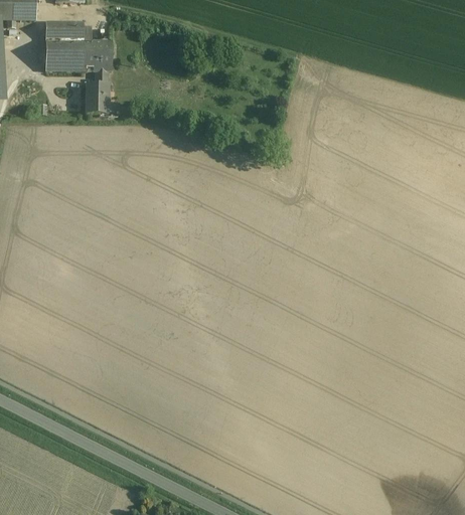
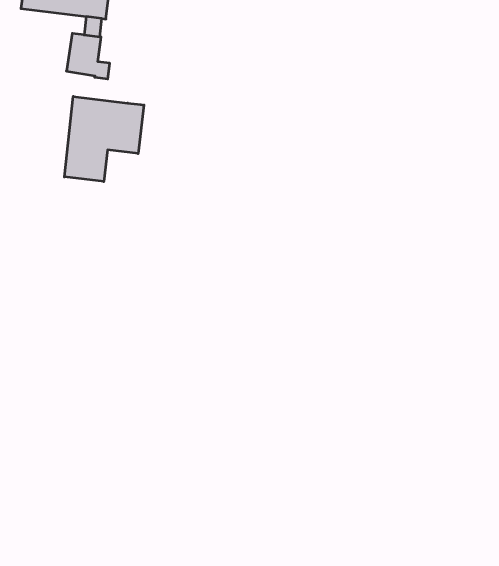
building: none -> [64,96,144,182]

